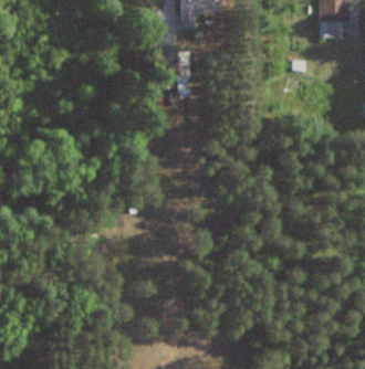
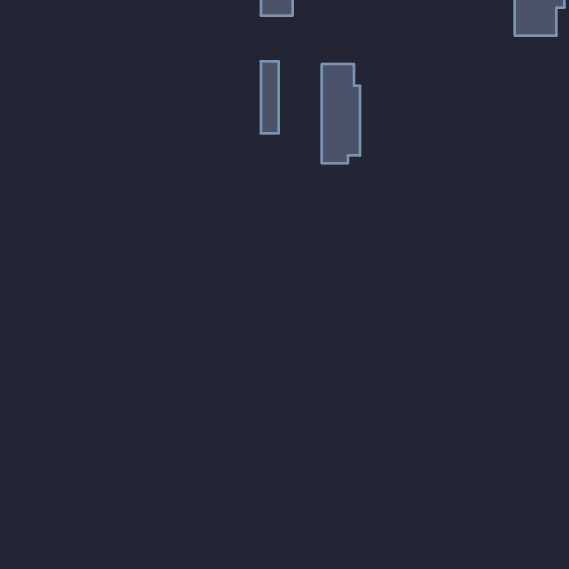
building: none -> [322,64,360,163]

